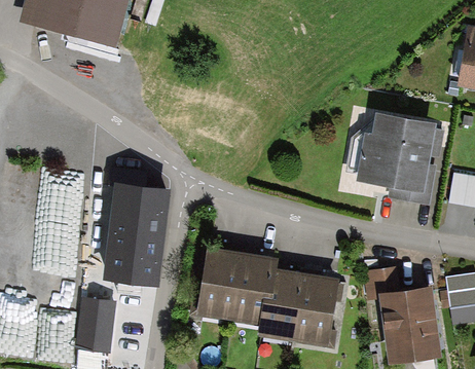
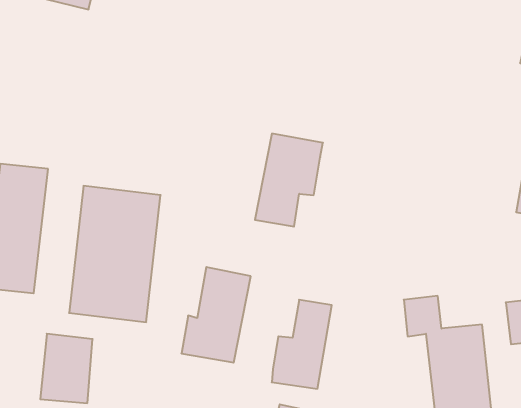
building: [354,112,447,202] -> none
building: [229,253,283,326] -> [255,134,323,227]
building: [295,275,345,348] -> none

